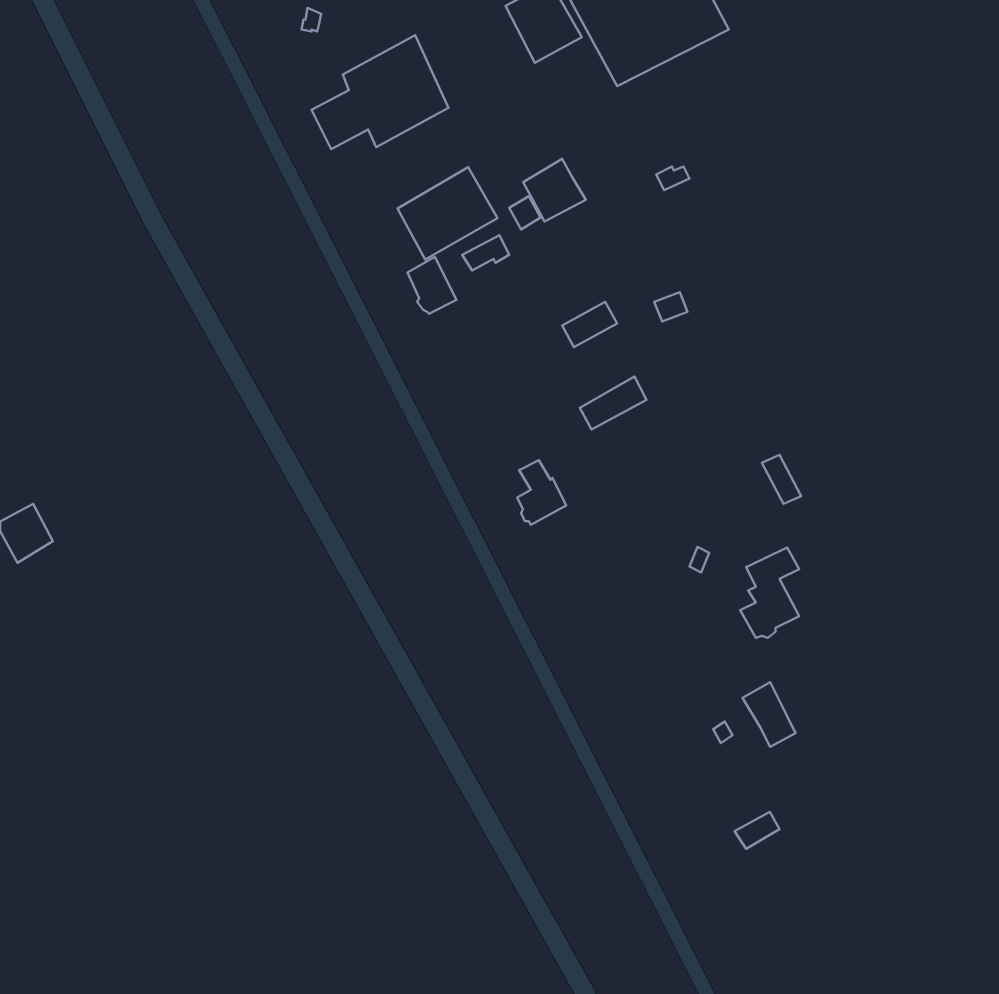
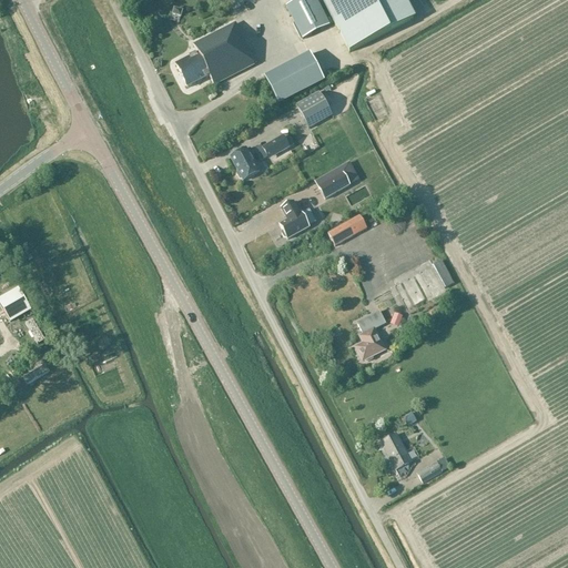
building: [398,167,498,259] -> [264,48,321,100]
building: [517,460,566,525] -> [281,200,308,236]
building: [740,548,799,638] -> [354,308,387,359]
building: [743,682,796,747] -> [382,432,412,468]

